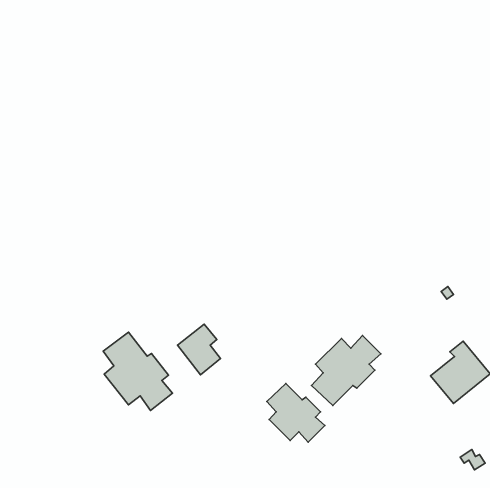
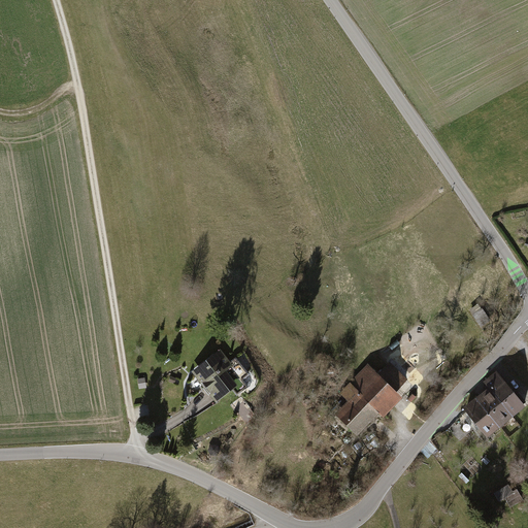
building: [103,332,173,411] -> none
building: [267,383,325,442] -> none

